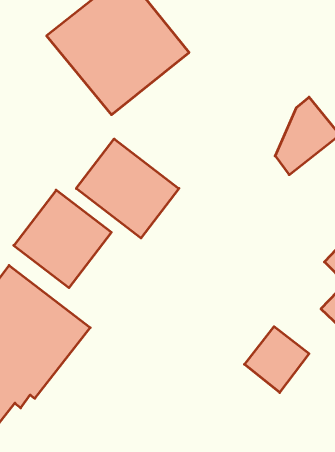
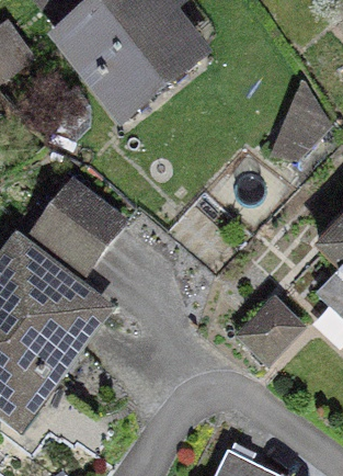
building: [76,139,179,238] -> none

